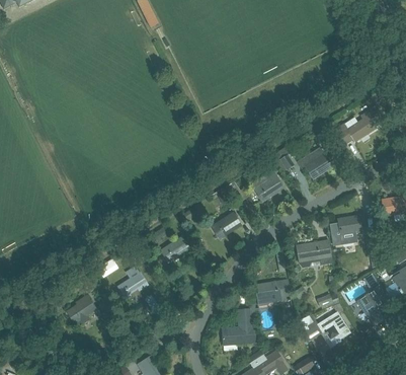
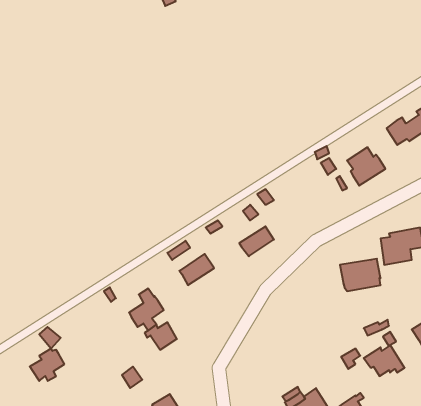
building: [253,162,283,202] -> none
building: [255,280,290,305] -> none
building: [66,296,95,323] -> [30,349,64,381]
building: [221,308,255,345] -> none

